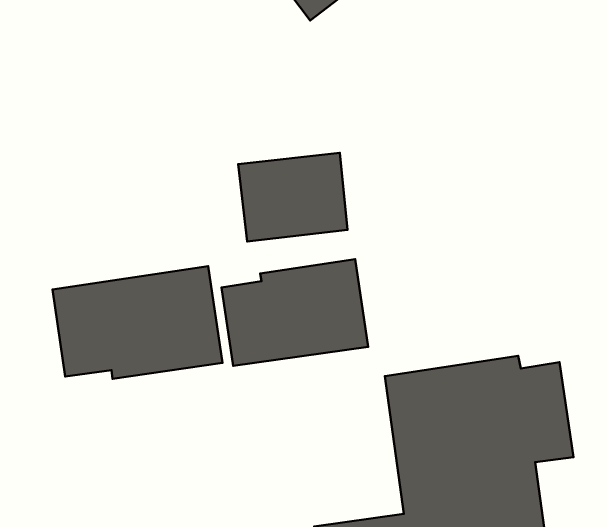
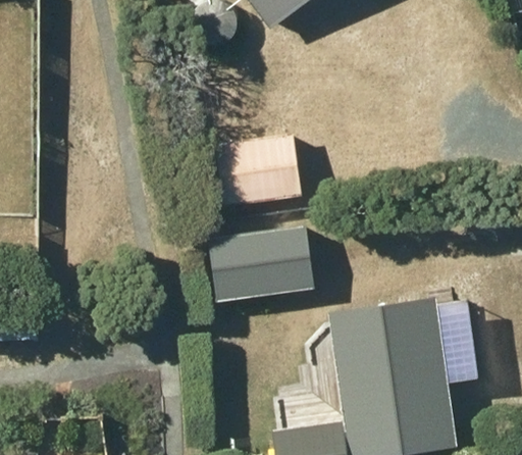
building: [53,266,223,379] -> none

